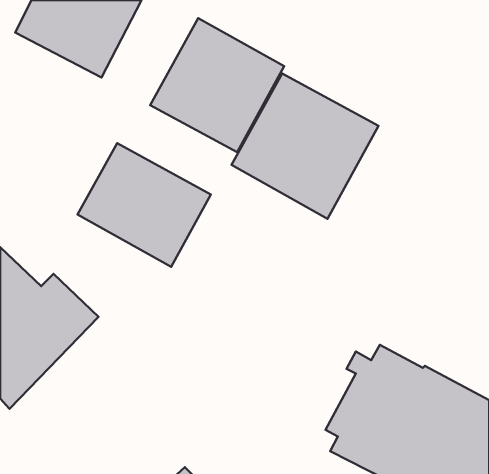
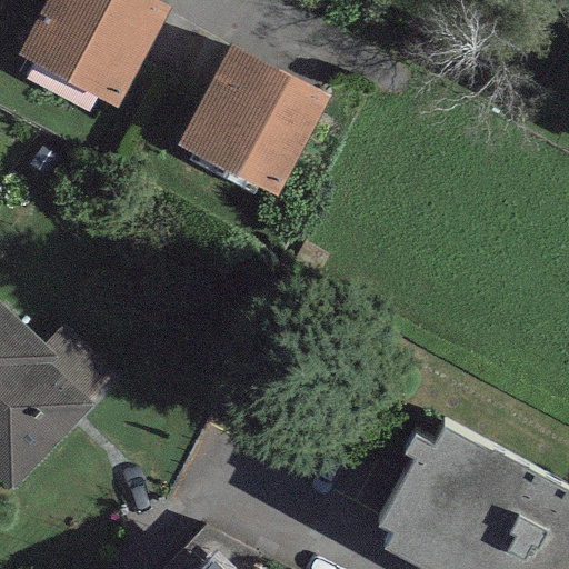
building: [232,74,378,219] -> none
building: [78,143,211,267] -> none

